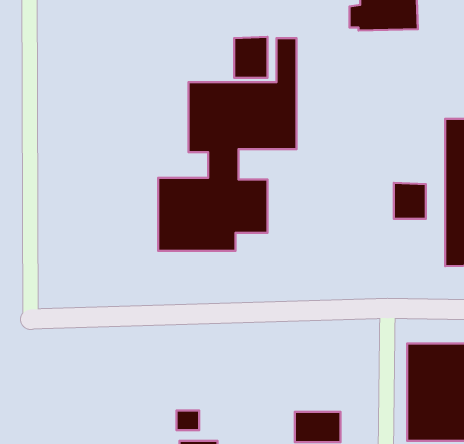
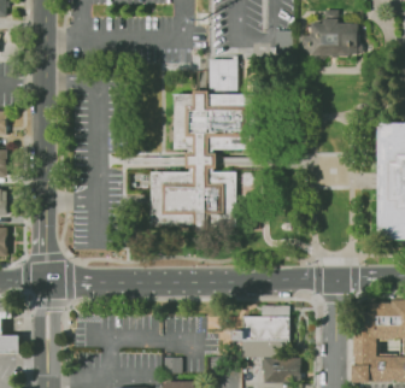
building: [394,183,426,219] -> none
building: none -> [234,305,287,355]

